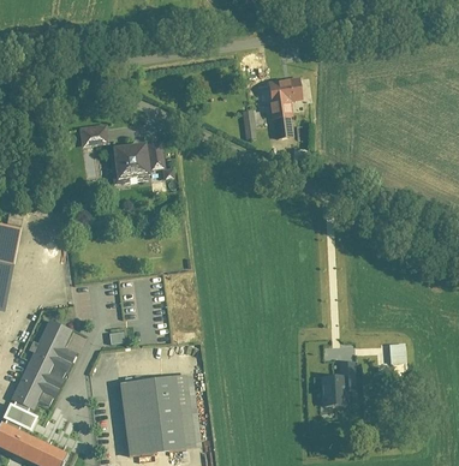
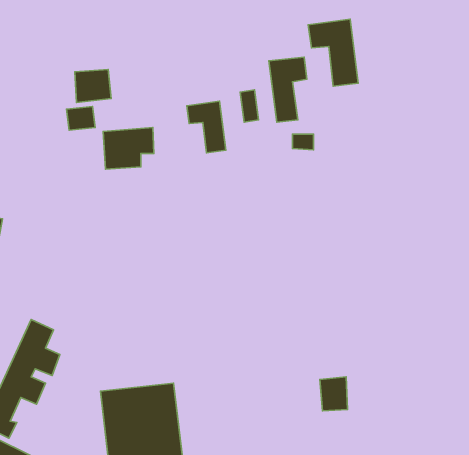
building: none -> [308,19,358,86]
building: none -> [75,70,111,102]
building: none -> [187,101,226,153]

